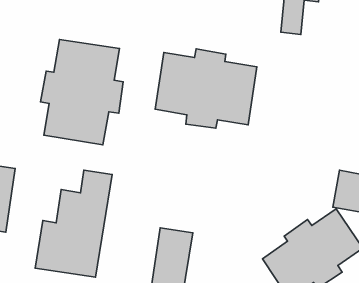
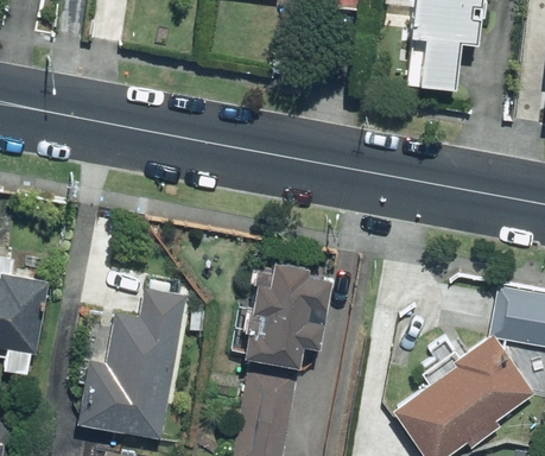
building: [40,39,123,145] -> none
building: [155,49,257,128] -> none
building: none -> [240,258,329,365]

